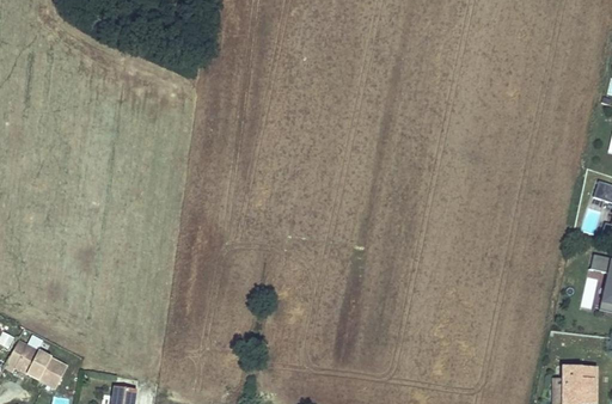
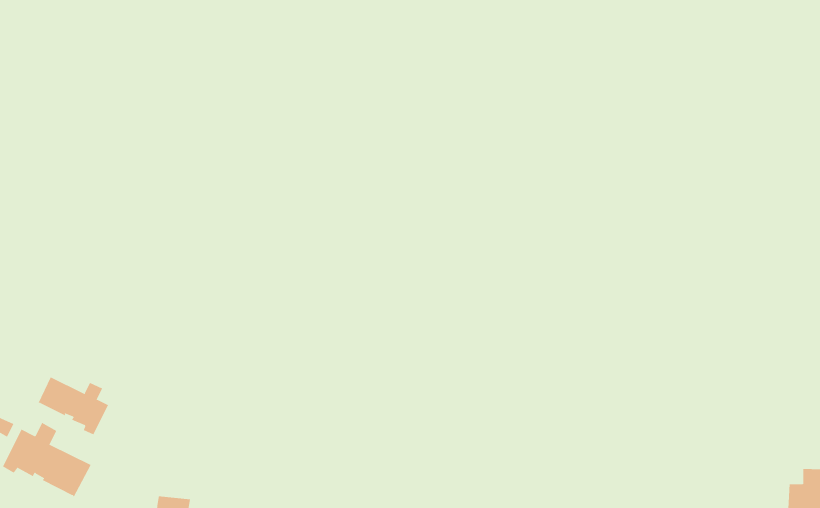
building: none -> [38,376,109,435]

